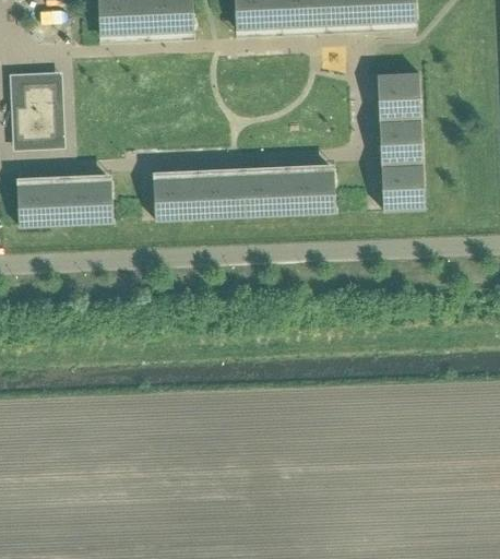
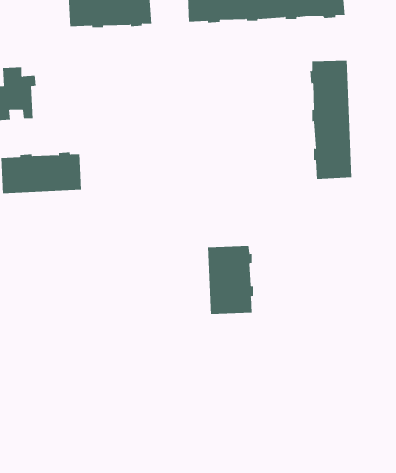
building: [153,169,335,221] -> none
building: none -> [208,245,254,315]

